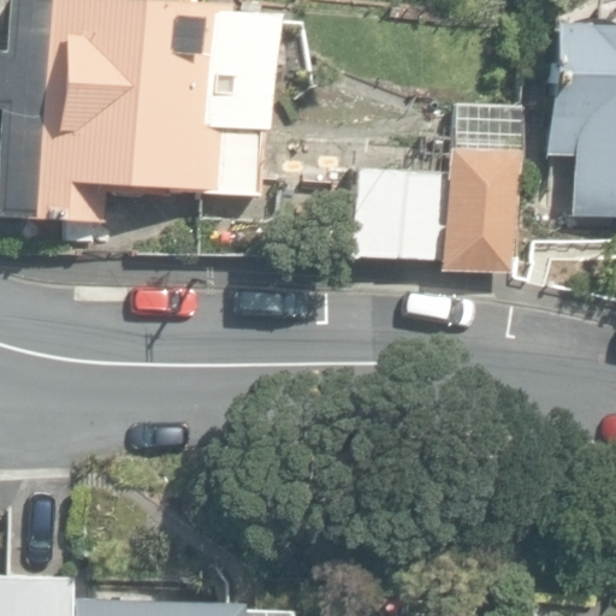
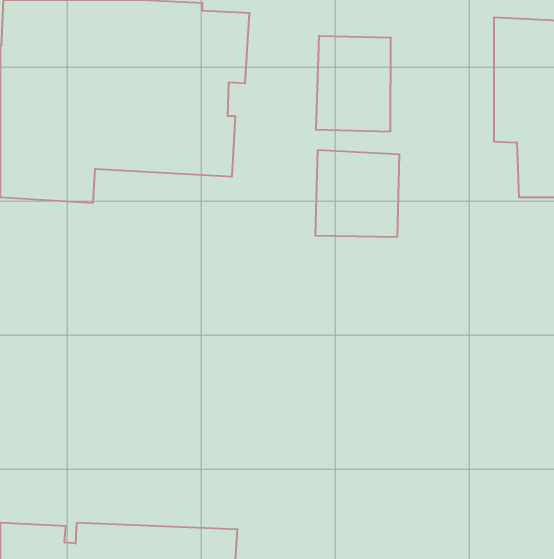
building: none -> [316,36,391,132]
building: [444,149,515,272] -> none

